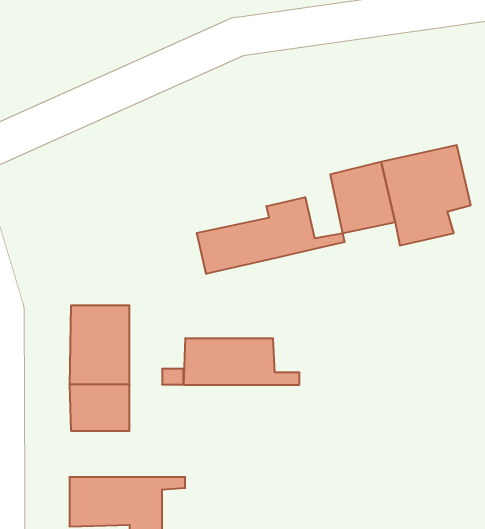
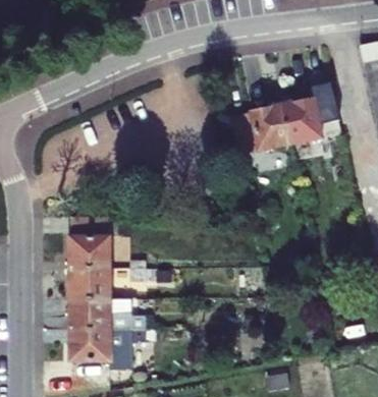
building: [197,197,345,274] -> none
building: [184,338,299,385] -> [67,295,144,326]

